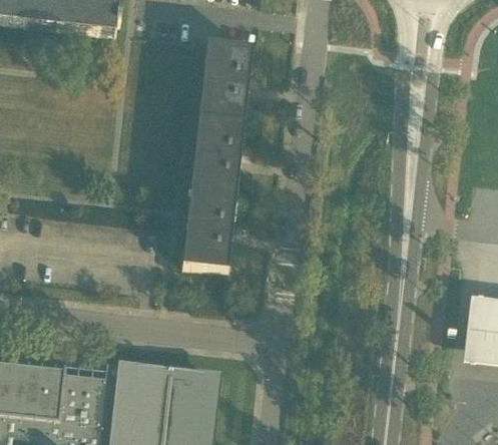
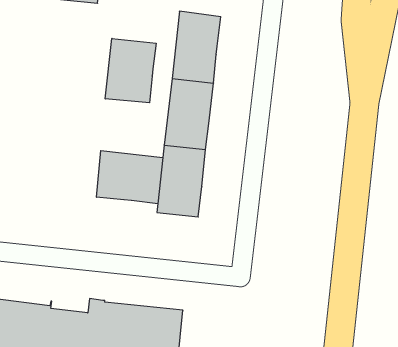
building: none -> [105,38,156,103]
building: none -> [97,151,163,204]

